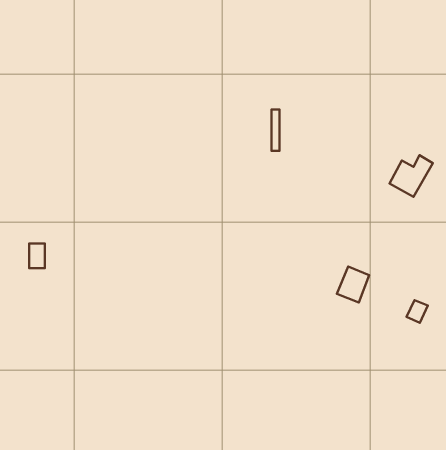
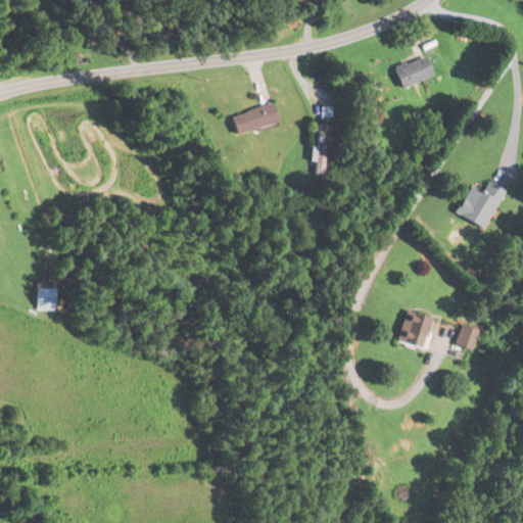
building: none -> [395,54,435,88]
building: none -> [232,102,280,134]
building: [407,300,428,323] -> [455,324,479,350]

